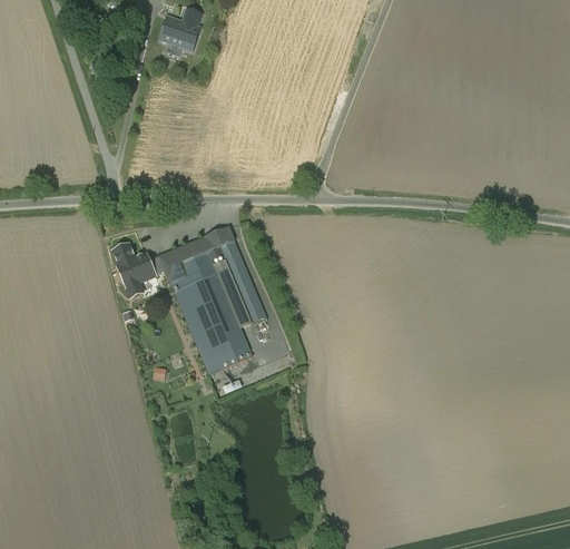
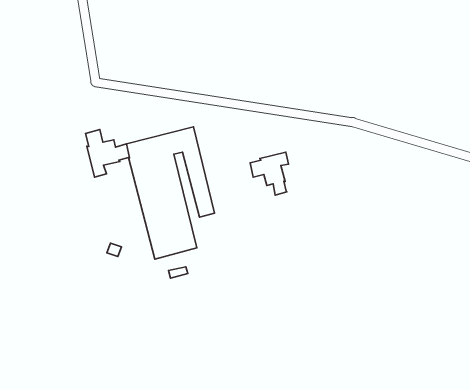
building: none -> [250,152,288,195]

